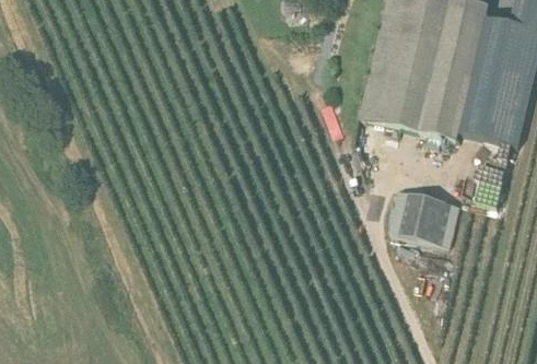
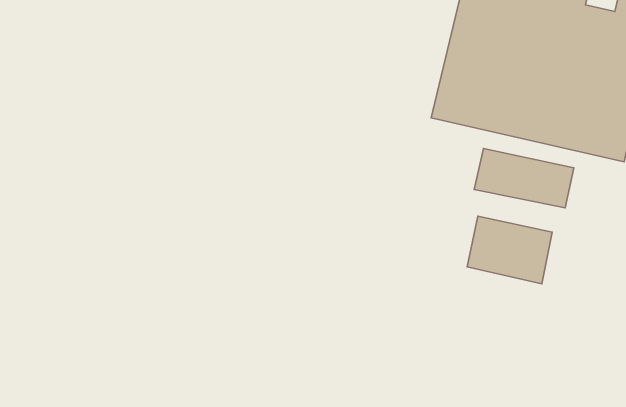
building: none -> [474,148,574,208]

